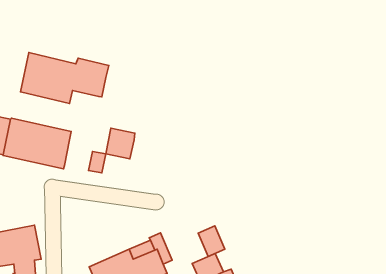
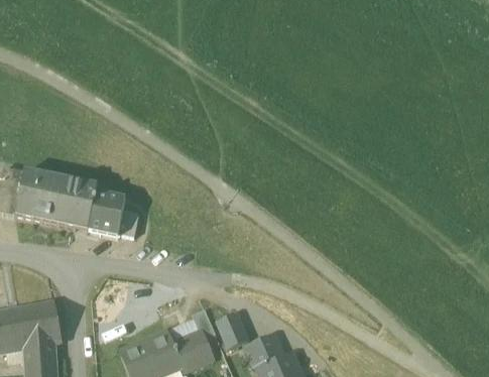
building: [20,53,109,103] -> none
building: [106,128,135,159] -> [89,196,124,233]
building: [198,226,225,257] -> [216,311,248,349]

